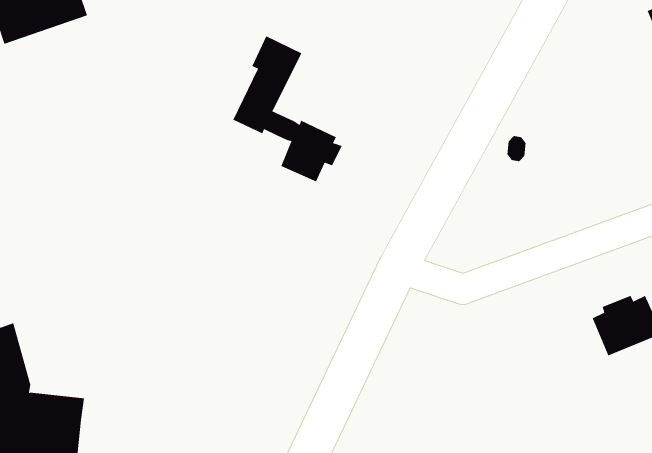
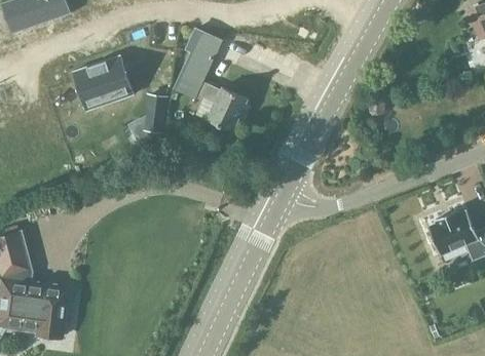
building: none -> [73,55,134,111]
building: none -> [130,94,165,143]

